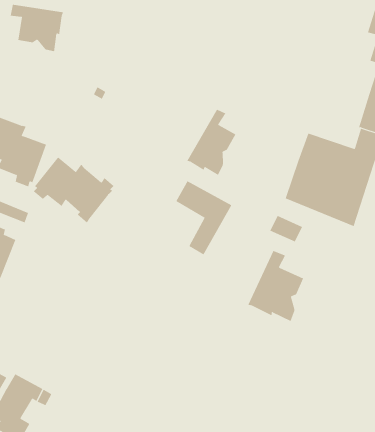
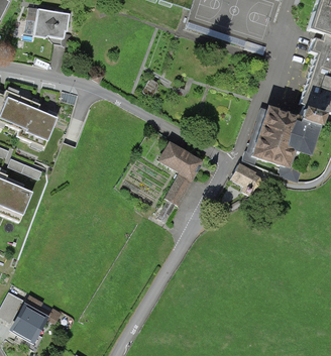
building: [187,109,236,176] -> none
building: [33,157,115,223] -> none
building: [247,250,304,322] -> none

